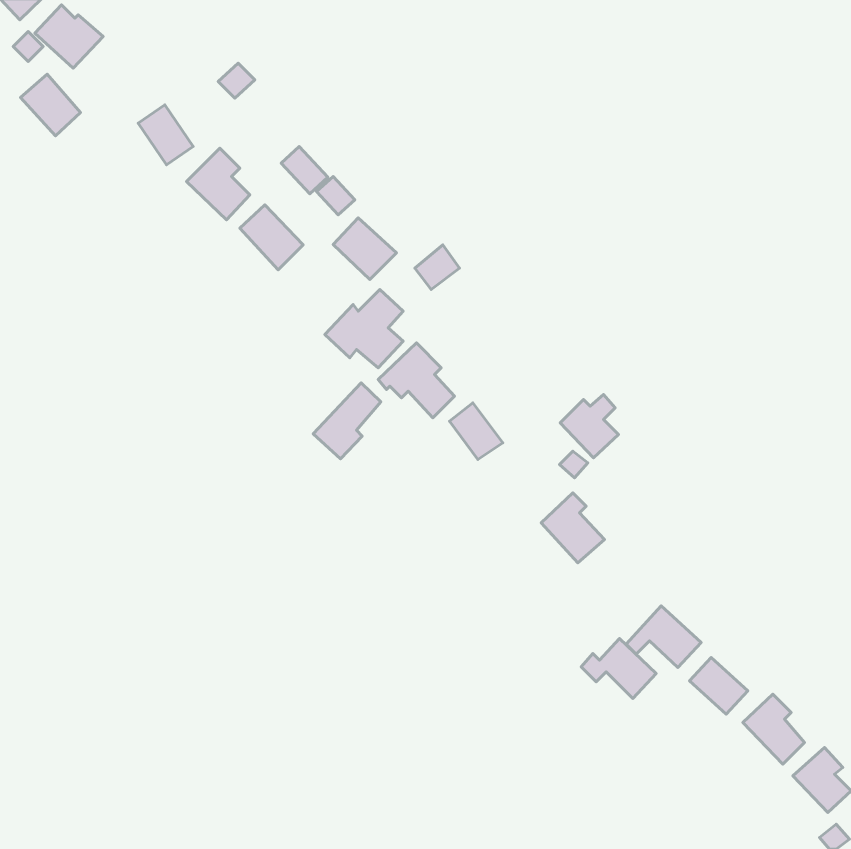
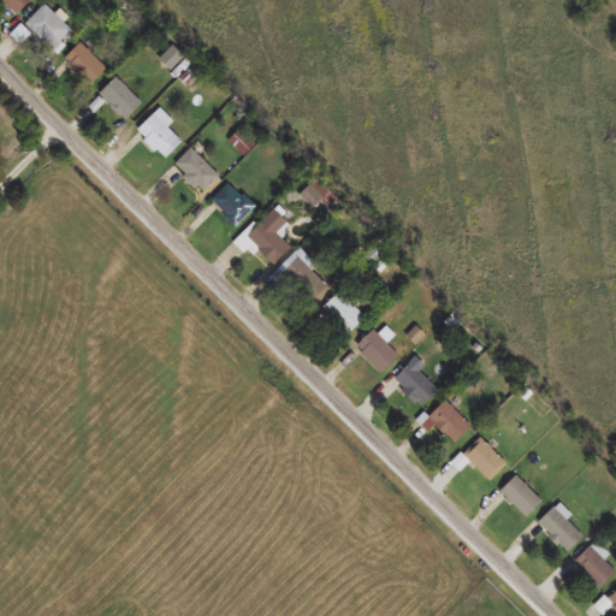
building: [21,74,80,136] -> [61,41,105,85]
building: [281,146,328,194] -> none
building: [333,218,396,279] -> [209,182,255,226]
building: [313,383,381,459] -> none
building: [560,395,618,458] -> [356,326,398,372]
building: [581,639,656,698] -> [416,401,470,444]

